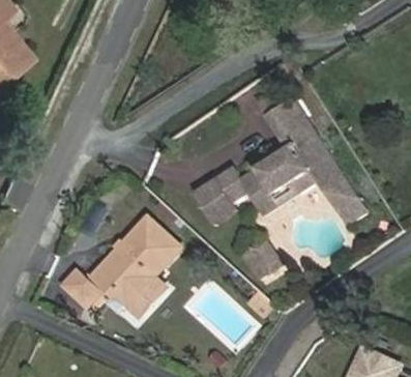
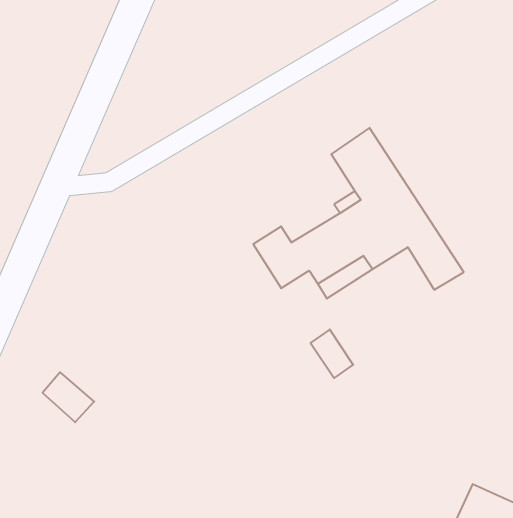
building: [190,179,230,223] -> none
building: [93,216,181,316] -> none

